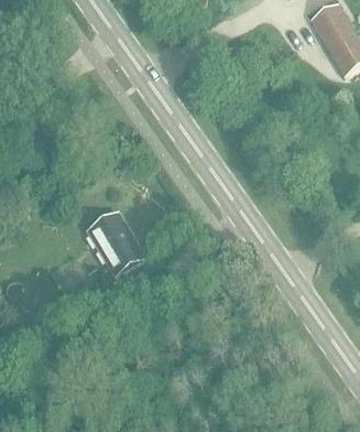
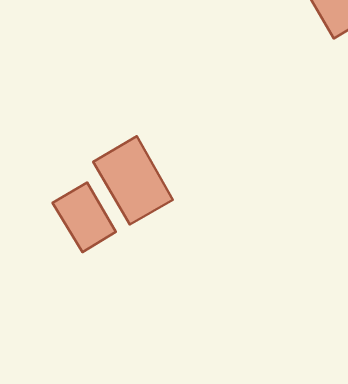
building: none -> [93,136,173,224]

